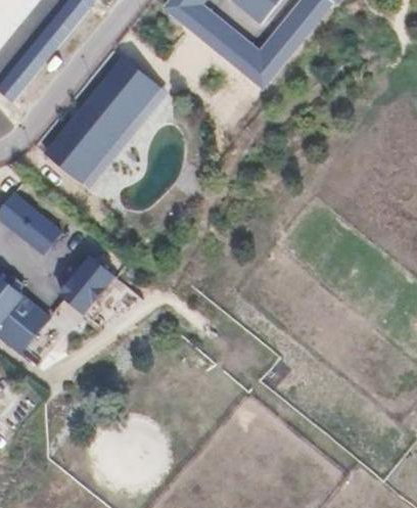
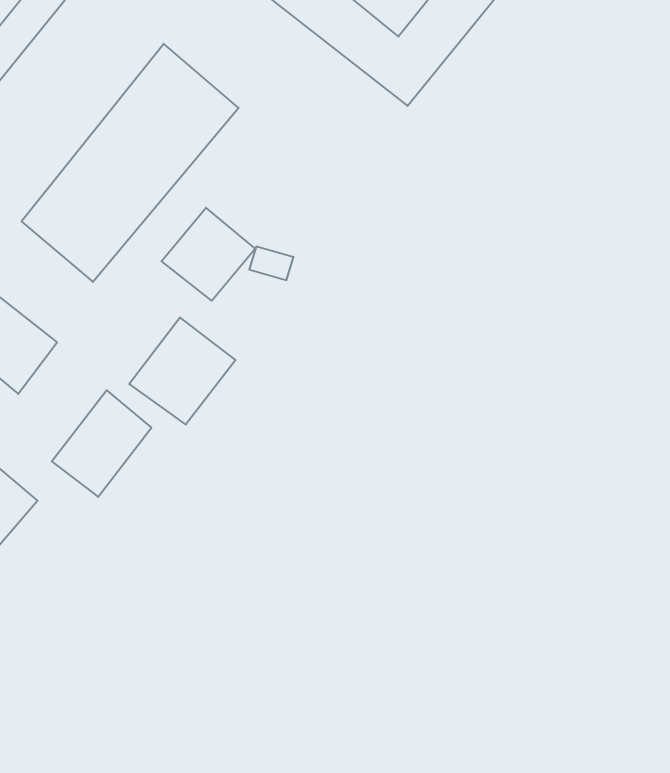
building: none -> [161,208,255,301]
building: none -> [129,317,235,425]

